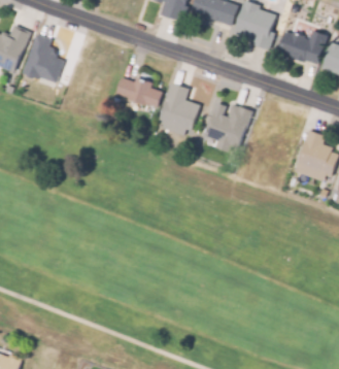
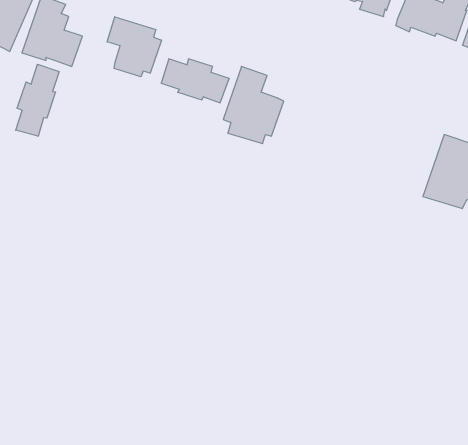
building: none -> [107,17,161,77]
building: none -> [16,64,59,136]
building: [204,102,250,152] -> none

